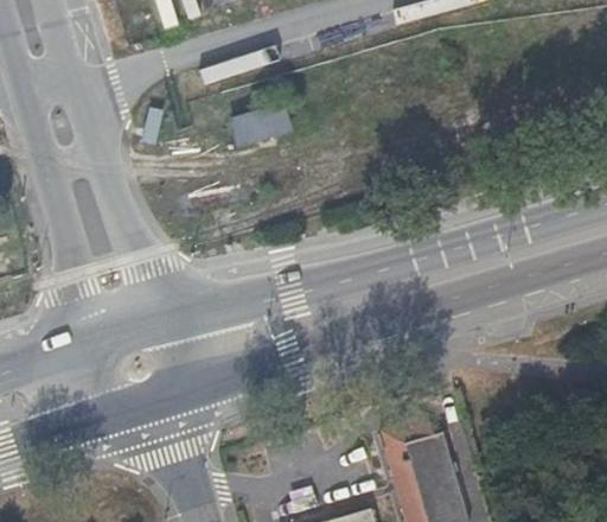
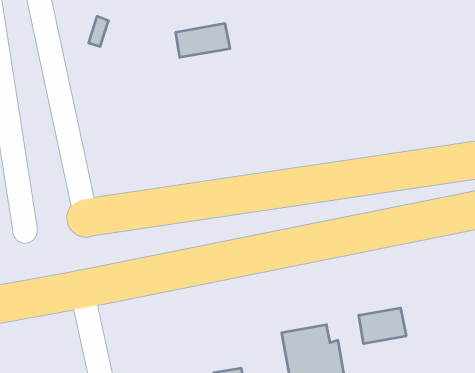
building: none -> [359,308,406,344]

